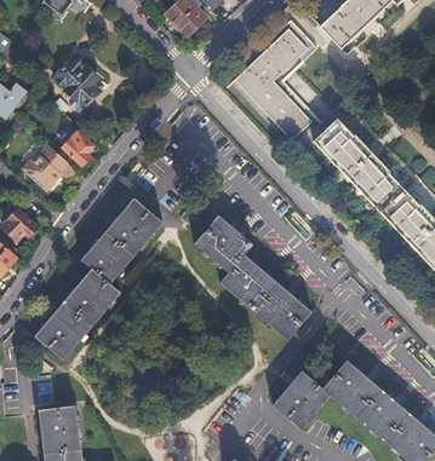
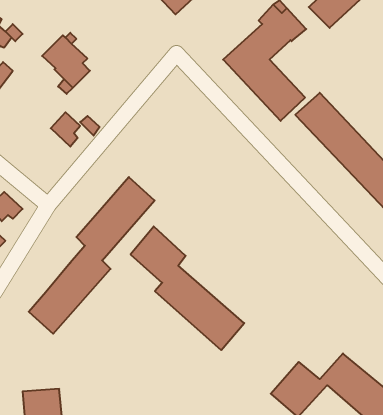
building: [23,144,86,190] -> none
building: [202,217,315,339] -> [131,226,244,350]

